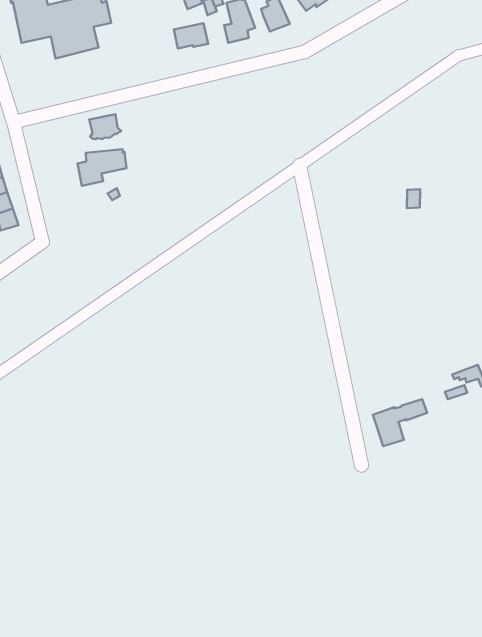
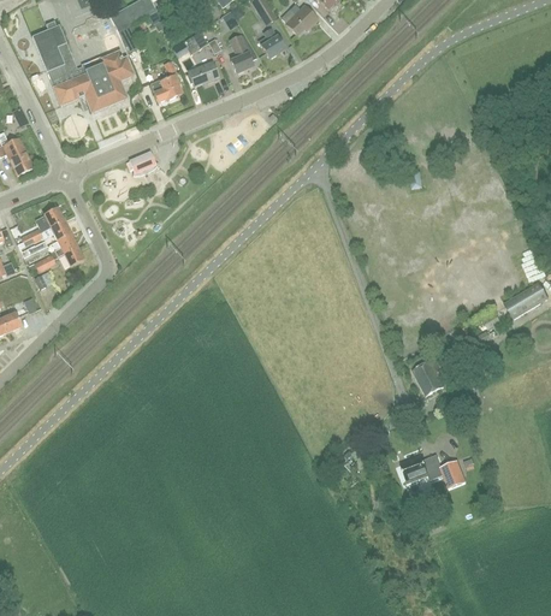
building: none -> [150,60,182,101]
building: [77,149,127,186] -> none
building: none -> [399,455,467,488]

